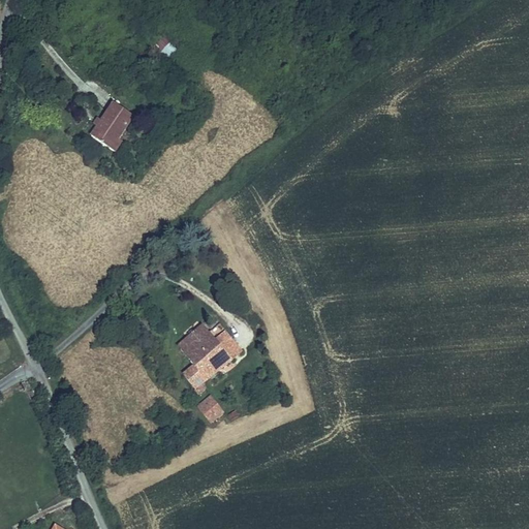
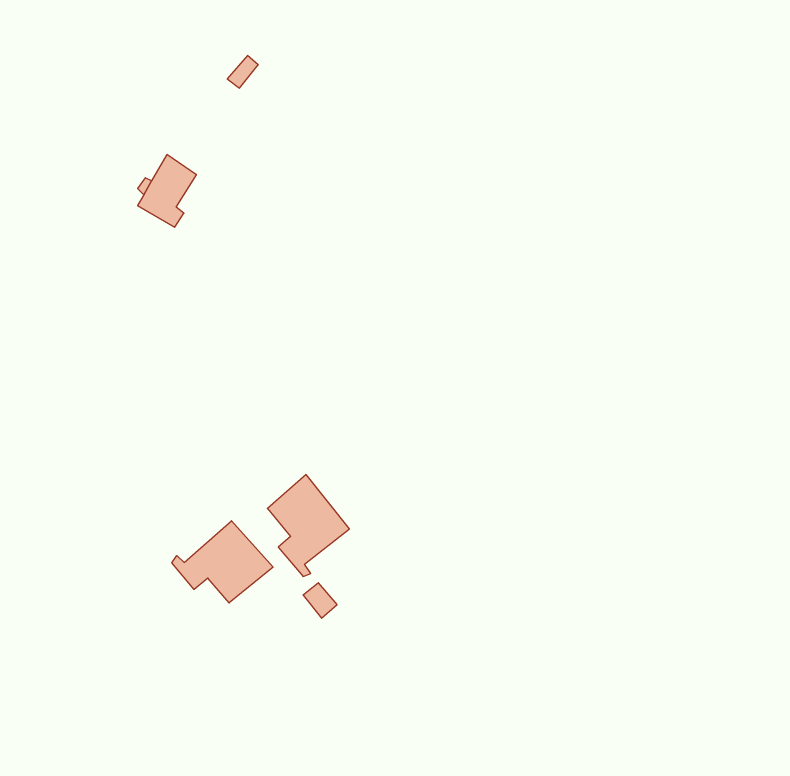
building: none -> [172,521,273,603]

